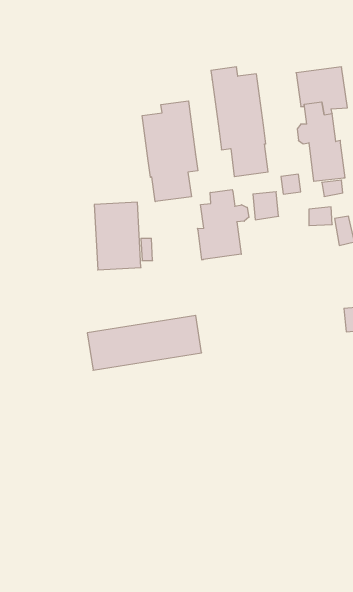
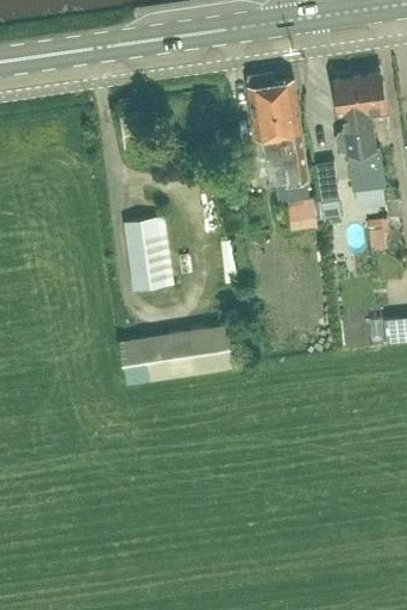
building: [142,101,198,202] -> none
building: [198,190,249,260] -> none

